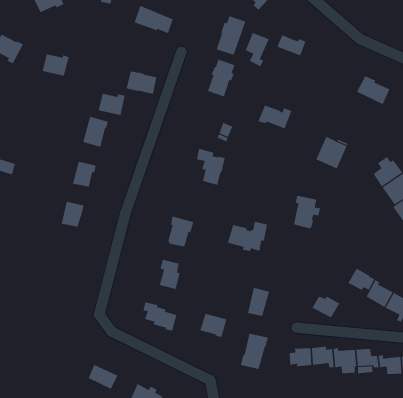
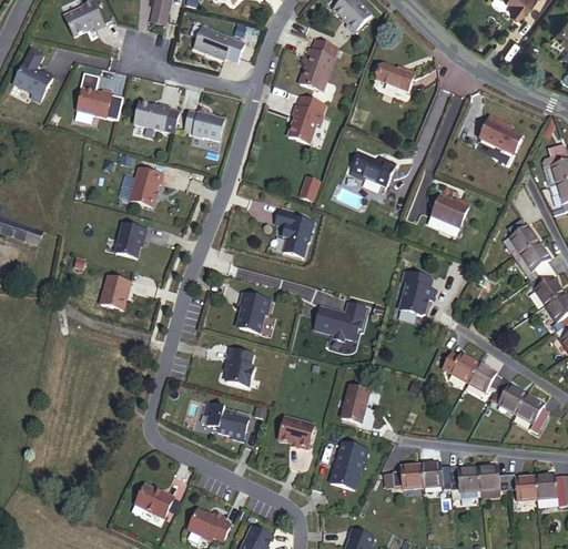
building: [245,32,269,67] -> none
building: [98,93,125,116] -> [134,101,170,130]
building: [312,296,340,318] -> [443,352,479,380]

